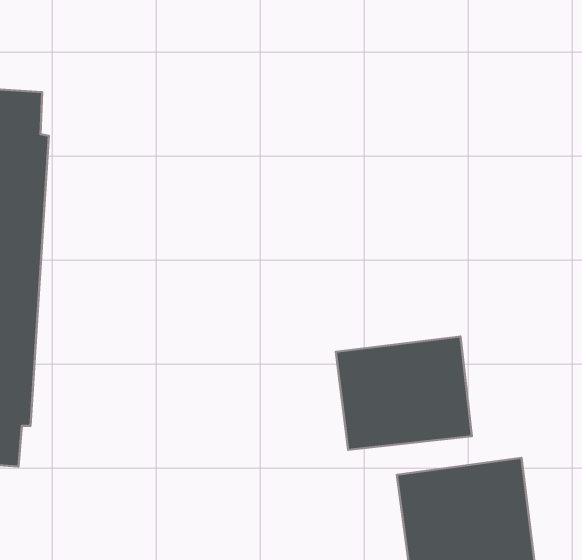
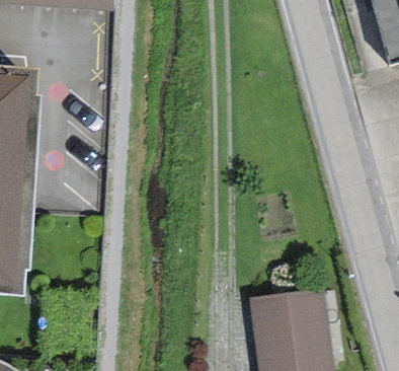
building: [336,336,472,450] -> none

